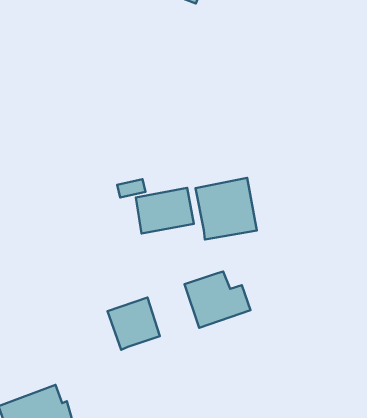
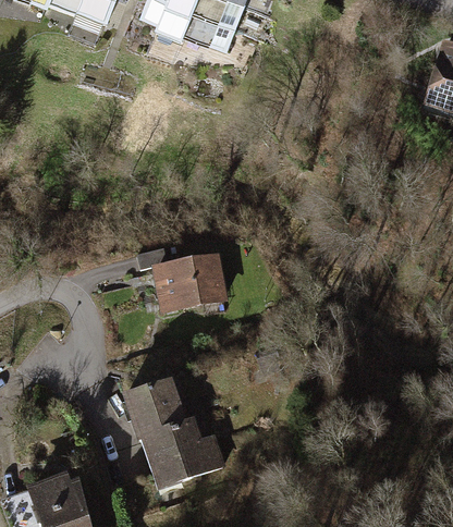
building: [196,178,257,240] -> none
building: [185,271,250,328] -> [149,422,223,486]

